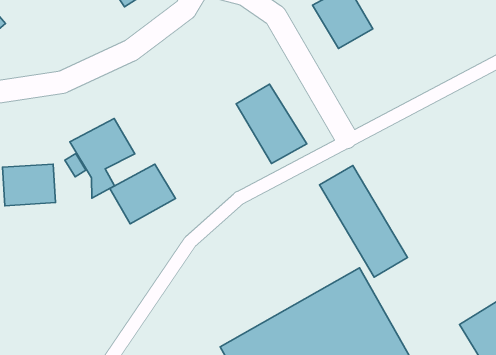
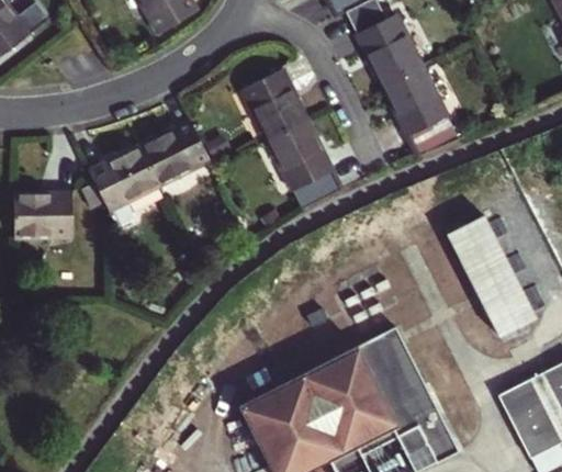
building: none -> [386,69,462,157]
building: none -> [248,74,310,141]
building: [110,164,175,224] -> [139,125,210,188]
building: [319,165,407,277] -> [447,223,537,345]

